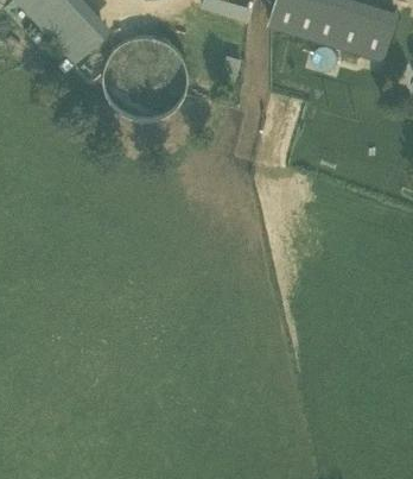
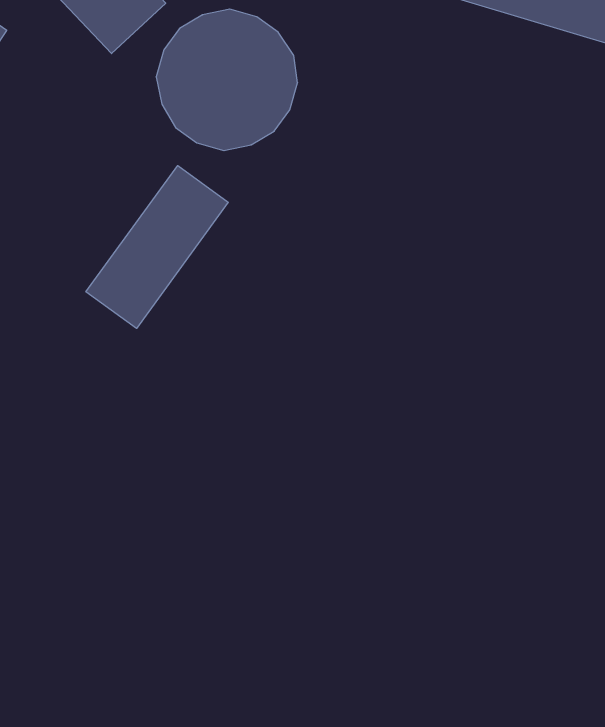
building: none -> [86,166,228,328]

